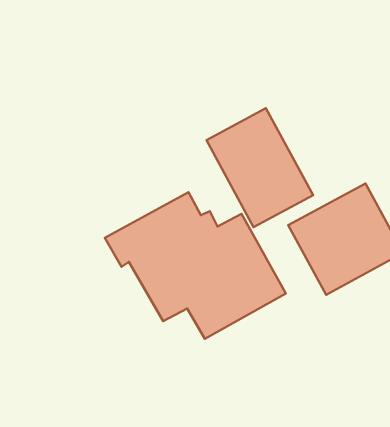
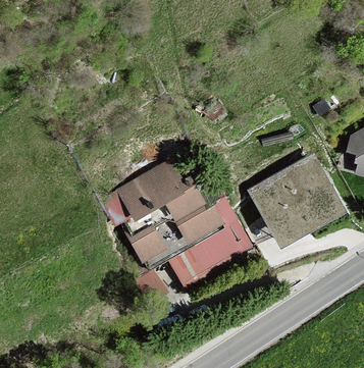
building: [207,108,313,227] -> none

